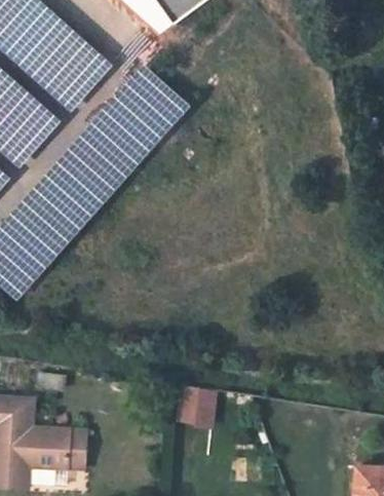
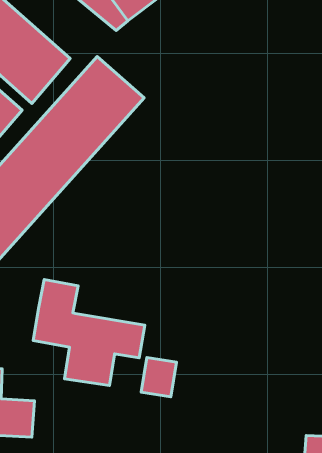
building: none -> [33,280,145,386]

